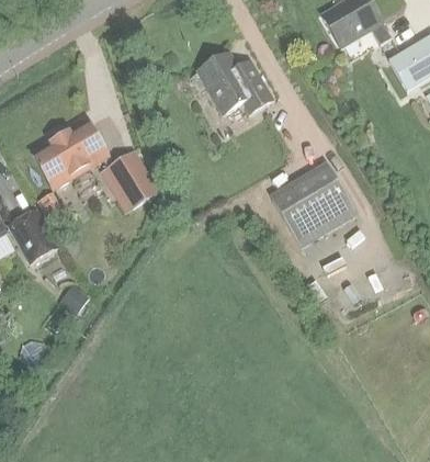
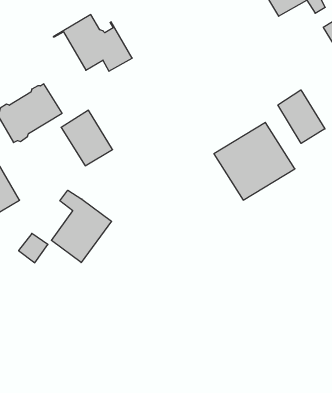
building: [188,52,273,113] -> [53,15,132,71]
building: none -> [278,90,325,143]
building: none -> [51,190,112,263]

